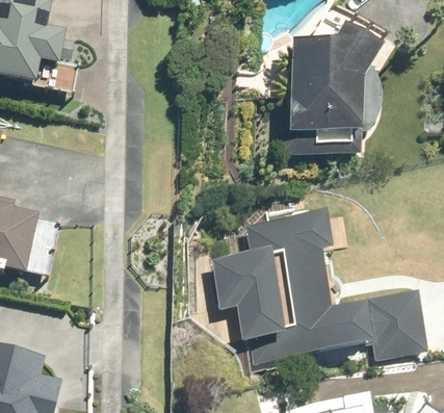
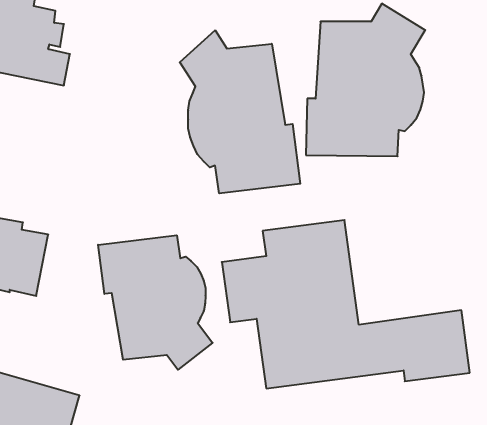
building: none -> [180,30,300,193]
building: none -> [98,235,213,370]

